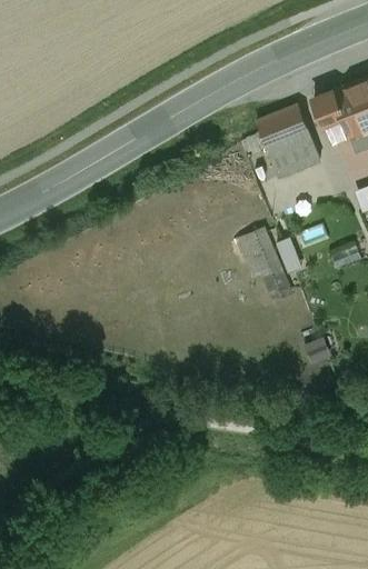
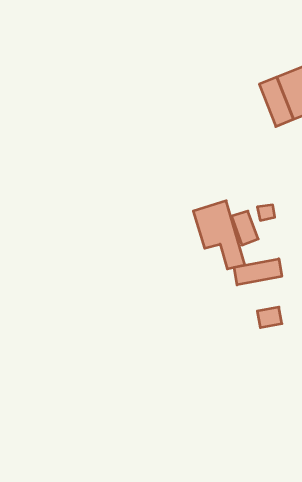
building: [255,106,318,179] -> none
building: none -> [234,259,282,285]

